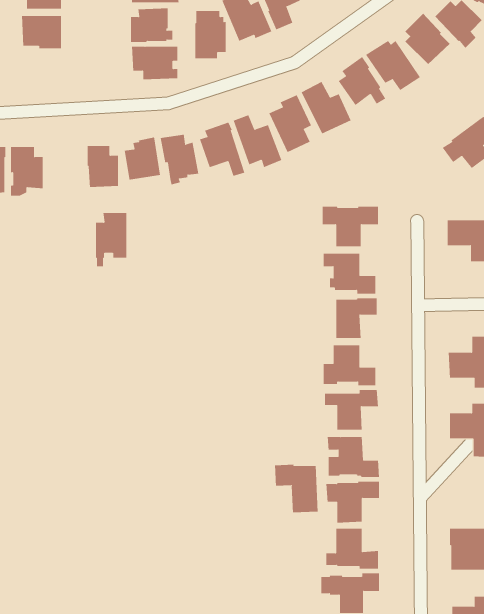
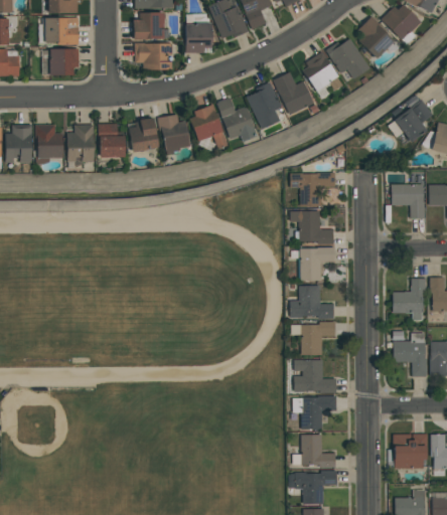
building: none -> [50,48,80,75]
building: [95,212,127,267] -> [68,125,95,169]
building: [274,464,318,513] -> none

